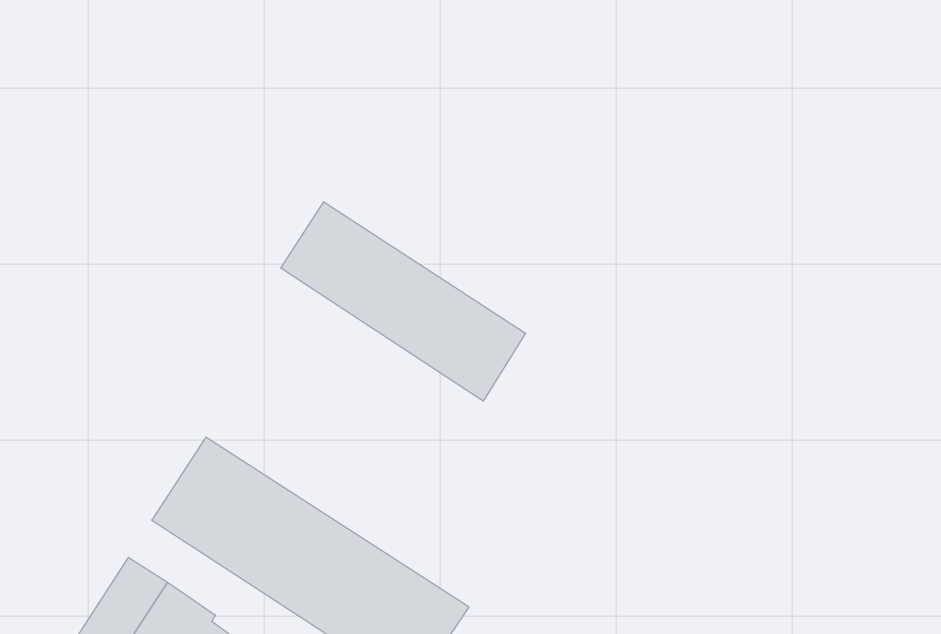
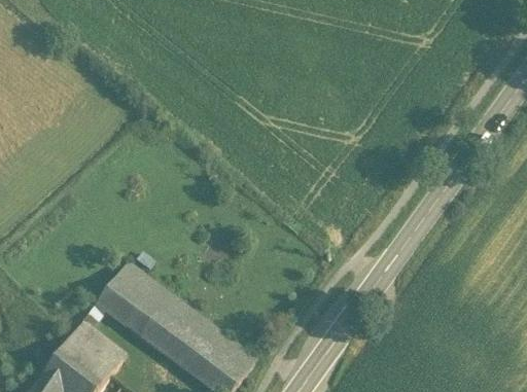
building: [281,202,526,401] -> none

